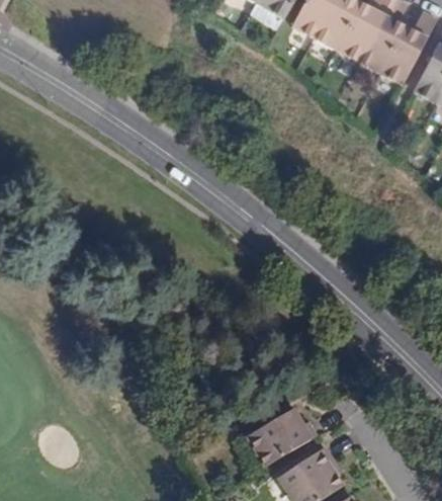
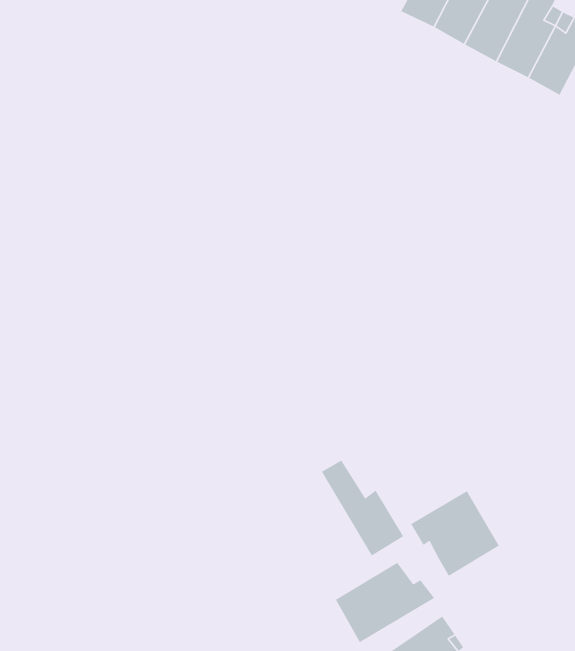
building: none -> [321,460,404,557]
building: none -> [410,490,500,577]

